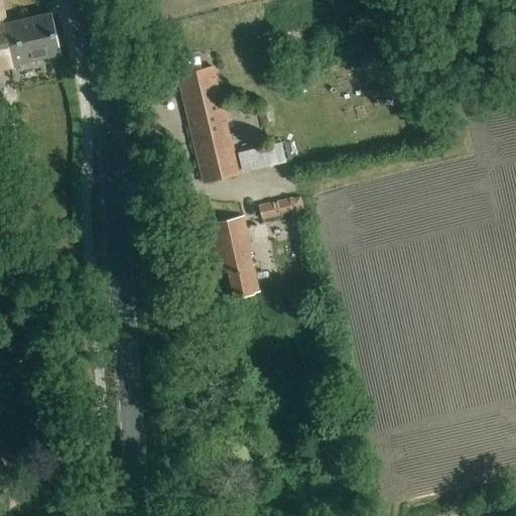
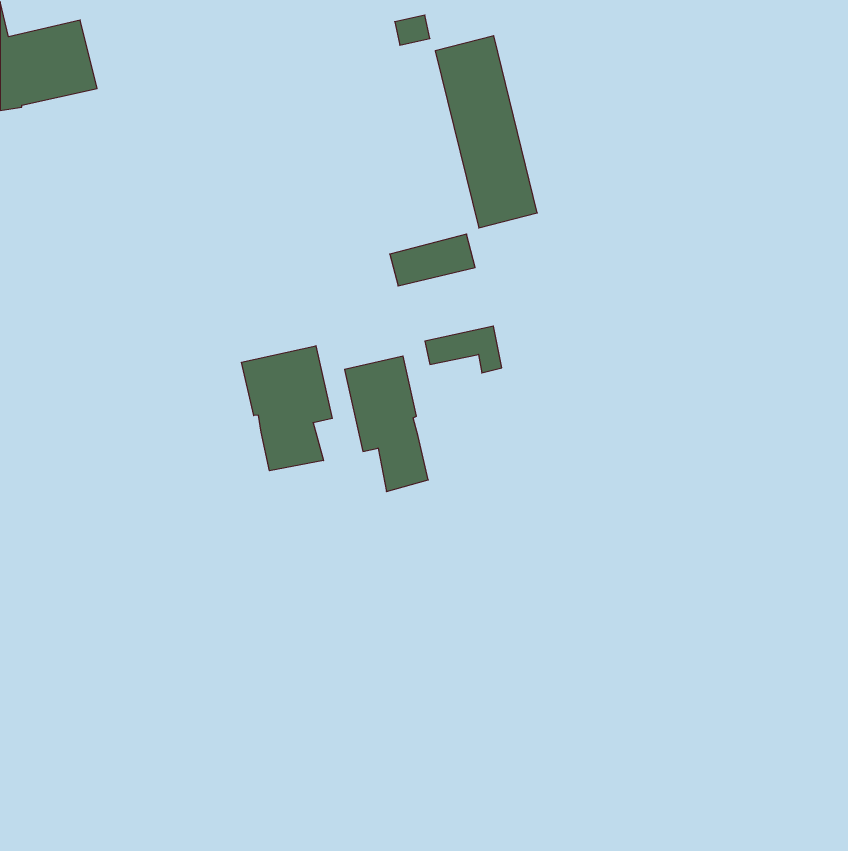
building: [176,68,238,183] -> [435,36,537,228]
building: none -> [242,346,332,471]

